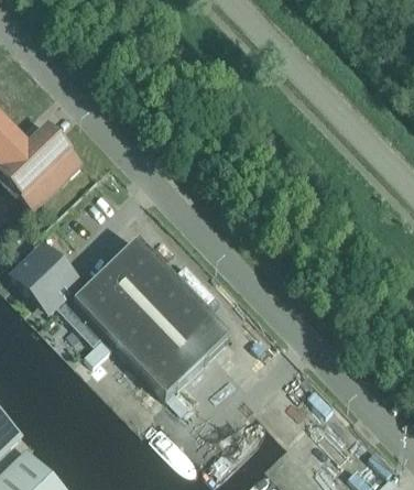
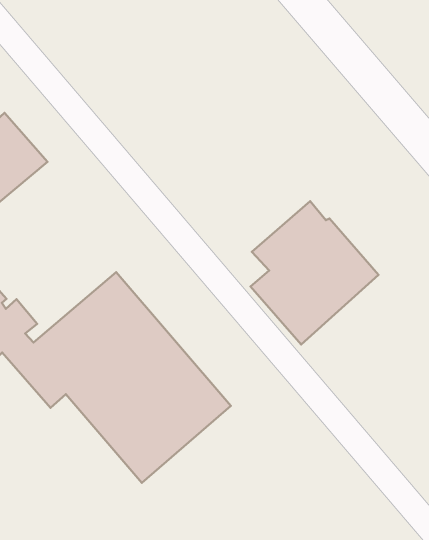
building: none -> [251,201,378,345]

